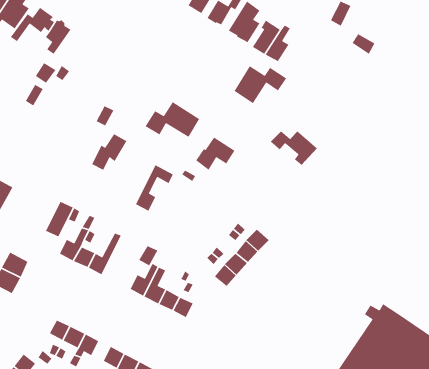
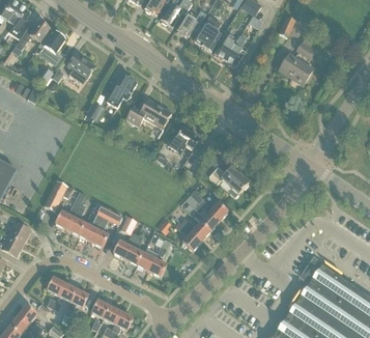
building: none -> [67,51,95,83]
building: none -> [280,53,313,83]
building: [233,65,287,104] -> none
building: [270,130,318,166] -> [208,167,248,196]
building: [91,133,128,171] -> [107,75,137,106]
building: [135,164,174,212] -> [90,207,122,247]

